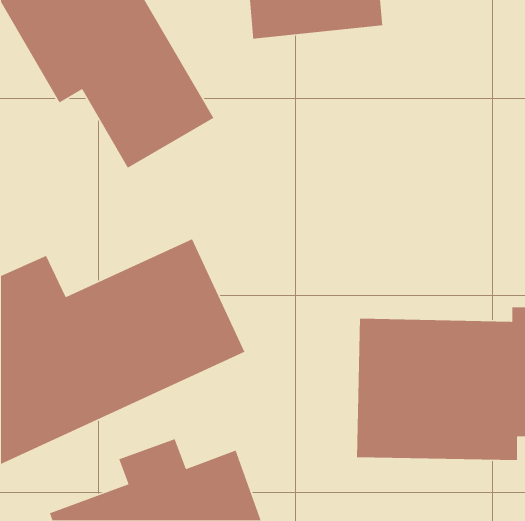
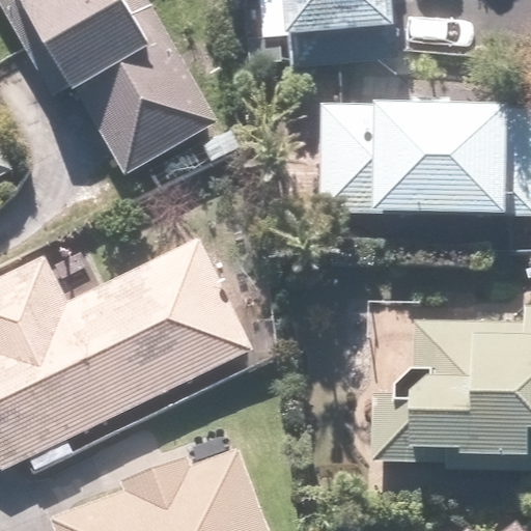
building: none -> [317,103,508,223]

